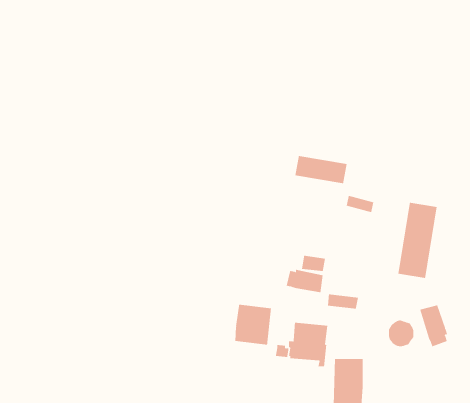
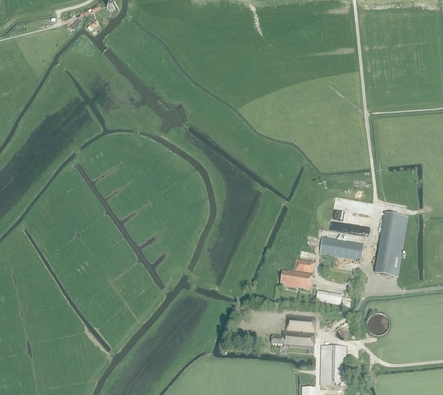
building: [295,156,347,184] -> [318,236,363,260]
building: [235,304,271,346] -> none
building: [419,305,448,347] -> none

